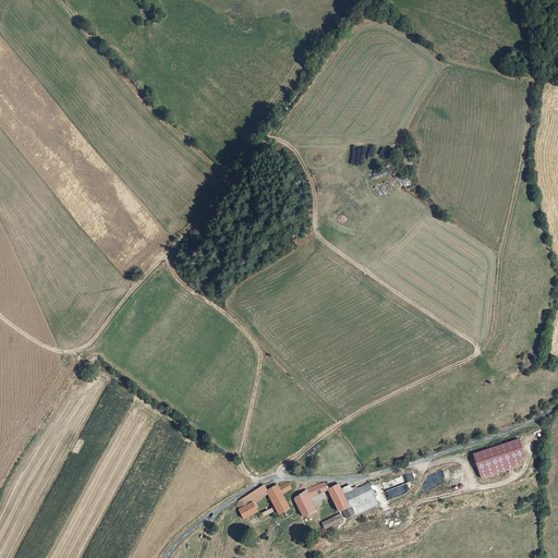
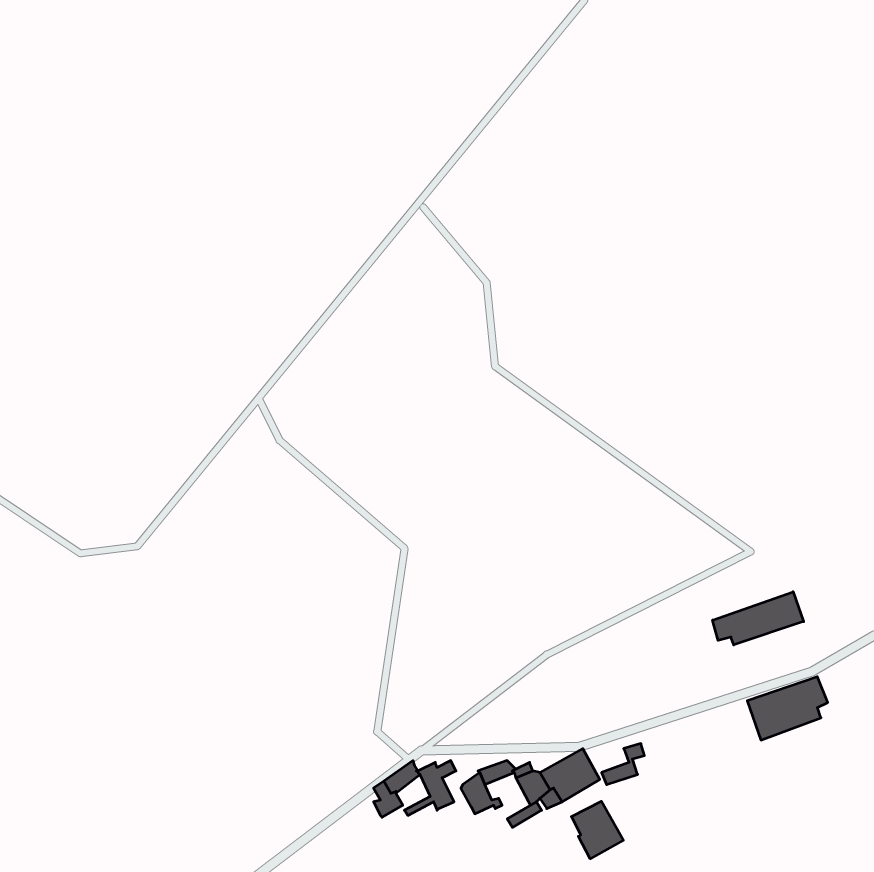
building: none -> [713,592,804,645]
building: none -> [571,801,623,859]

